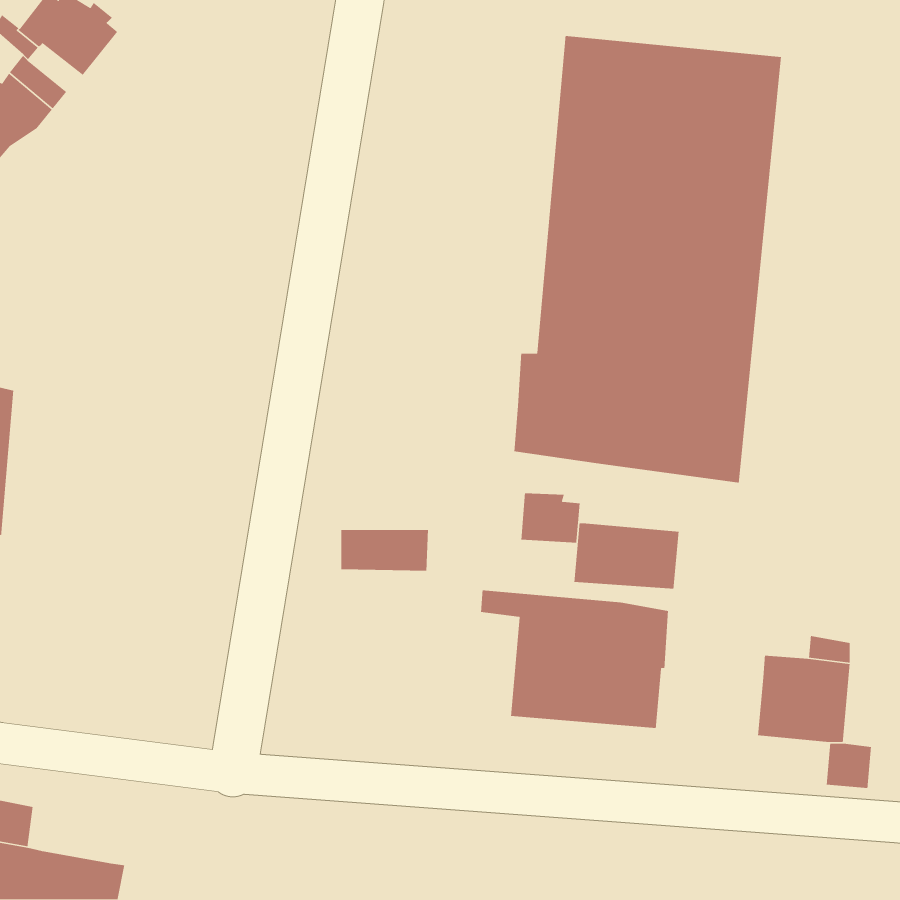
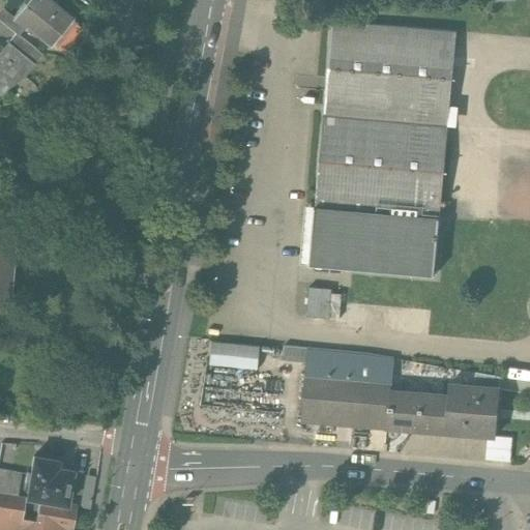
building: [574,522,680,589] -> [385,392,447,432]
building: [341,529,429,572] -> [206,342,258,366]
building: none -> [25,457,71,506]

